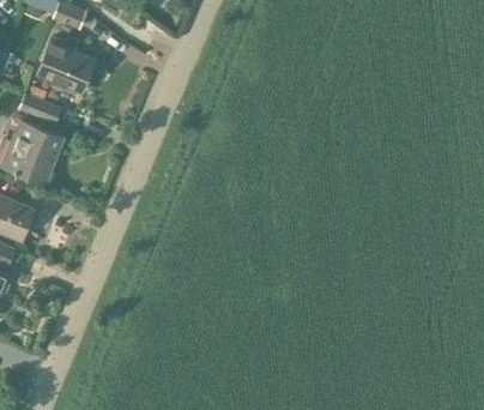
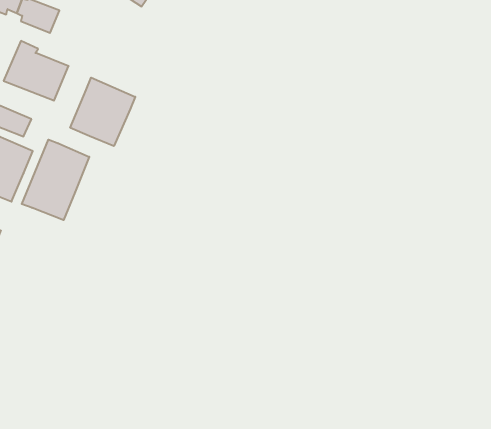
building: none -> [70,78,135,146]
building: none -> [22,140,89,220]

